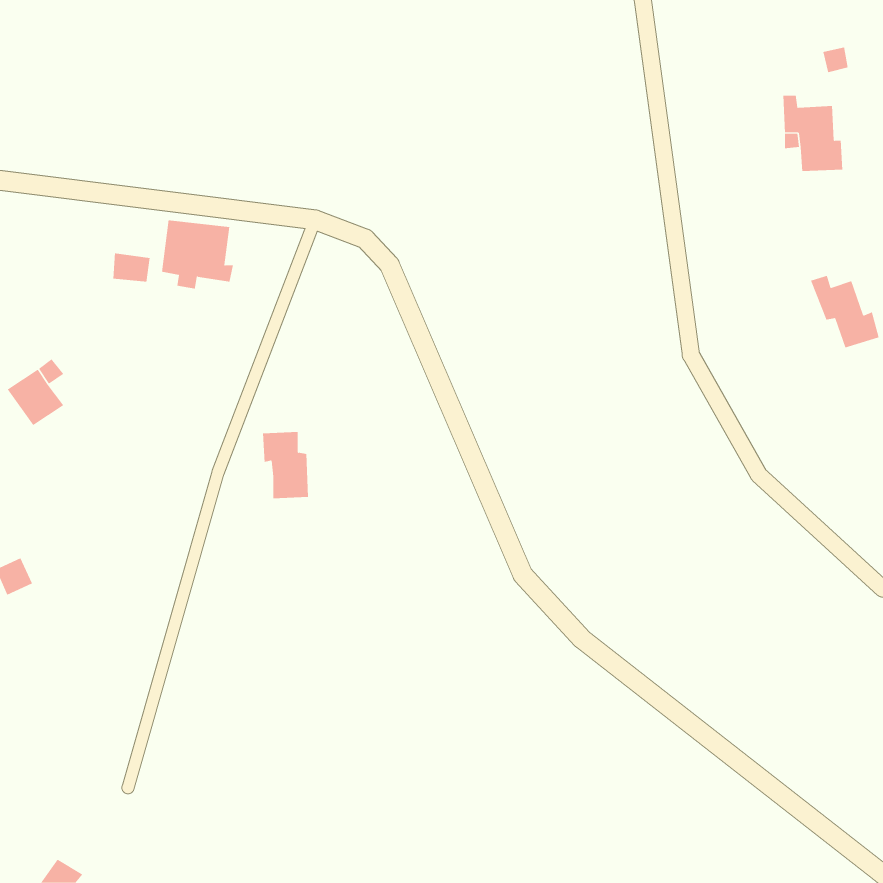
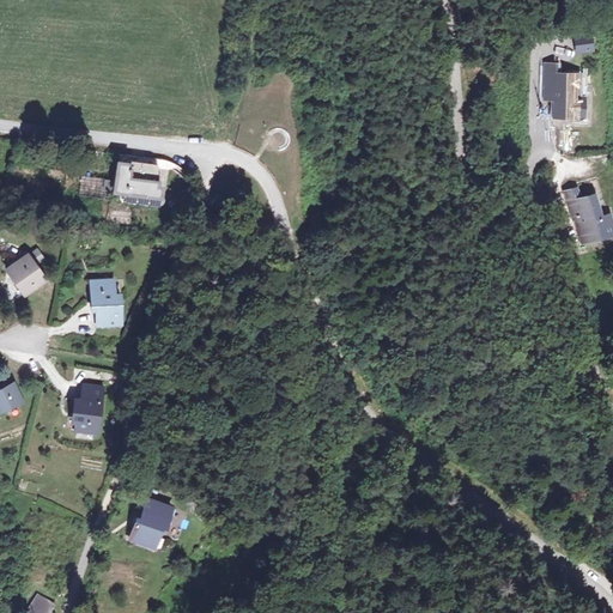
building: [262,431,309,499] -> [92,283,125,329]
building: none -> [73,390,102,437]
building: none -> [127,500,169,548]

